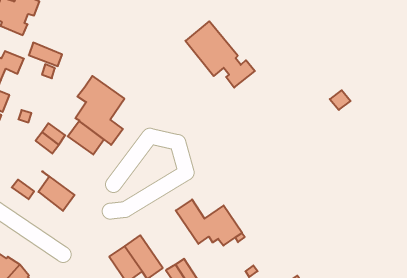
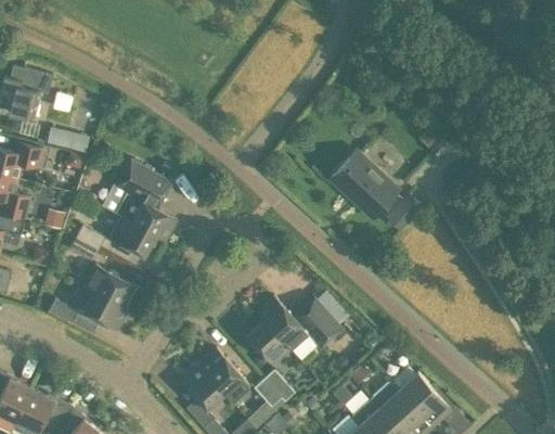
building: [185,21,255,88] -> [330,151,421,229]
building: none -> [83,264,129,309]
building: none -> [245,311,288,366]

